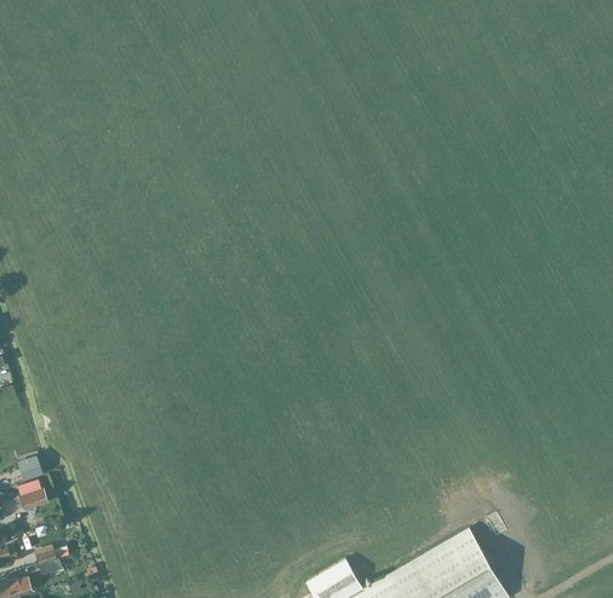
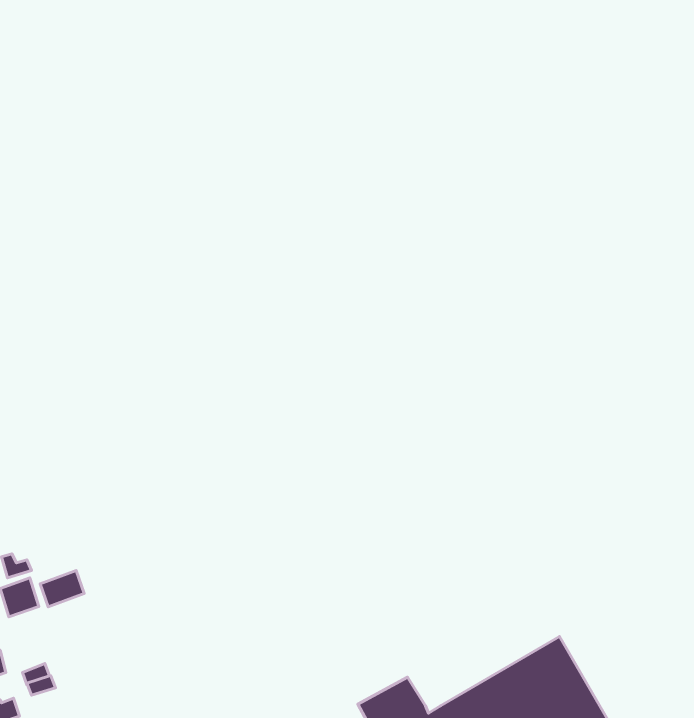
building: none -> [40,570,84,607]

